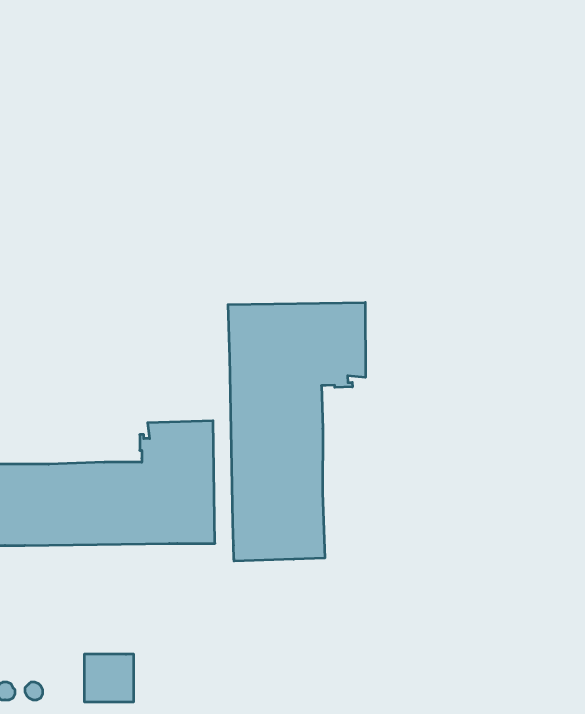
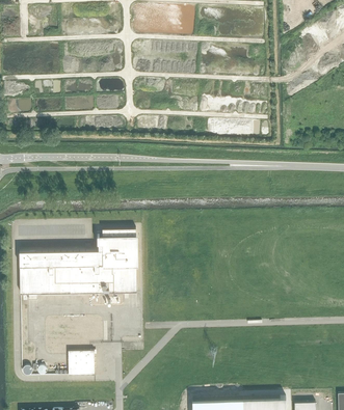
building: [228,302,365,561] -> none

